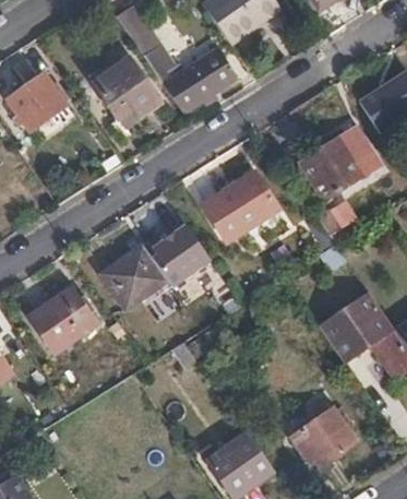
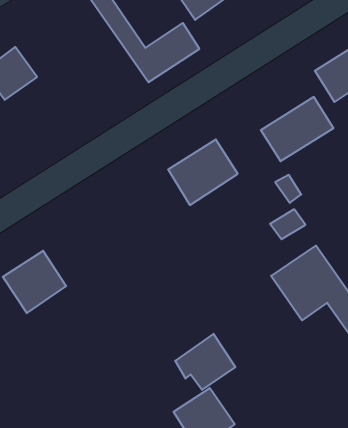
building: [99,66,163,123] -> none
building: [151,224,210,283] -> none
building: [101,246,167,308] -> none
building: [294,407,357,466] -> [175,334,235,390]

